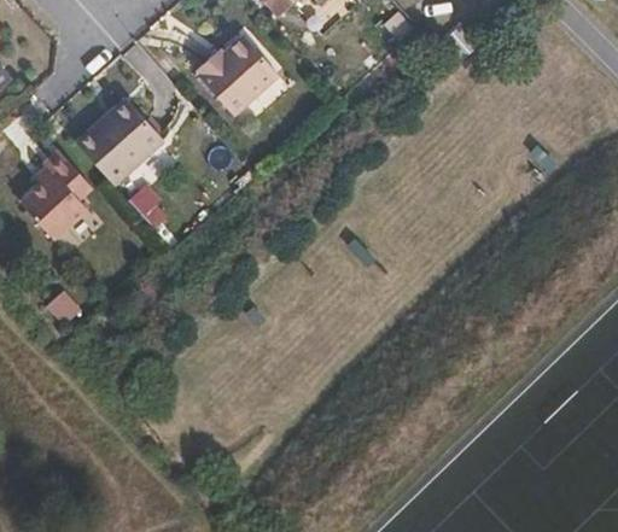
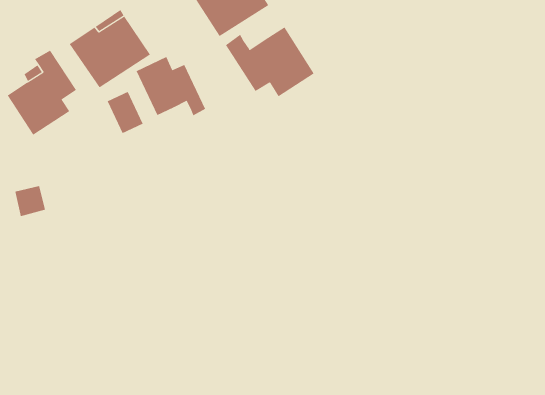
building: none -> [225,27,315,97]
building: none -> [136,56,206,116]

